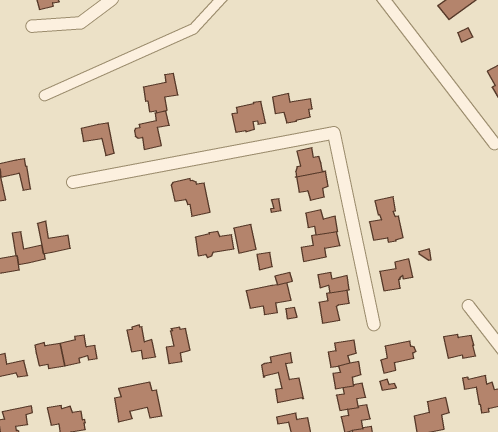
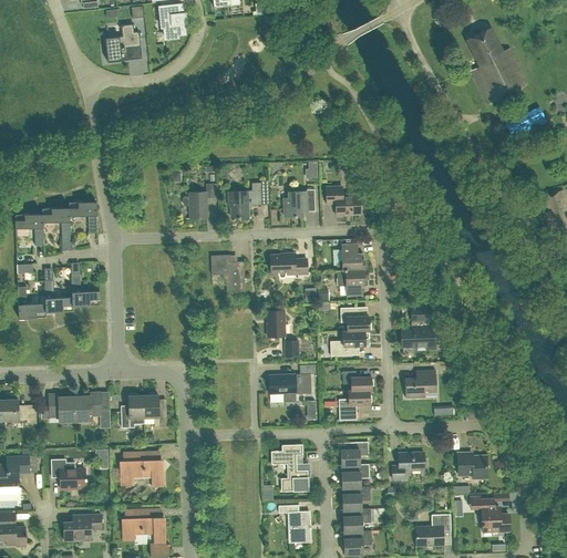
building: [143,73,178,113] -> [228,183,261,219]
building: [81,123,114,156] -> [69,202,97,234]
building: [195,231,234,258] -> [270,254,307,278]
building: [166,327,190,364] -> [121,393,144,427]

